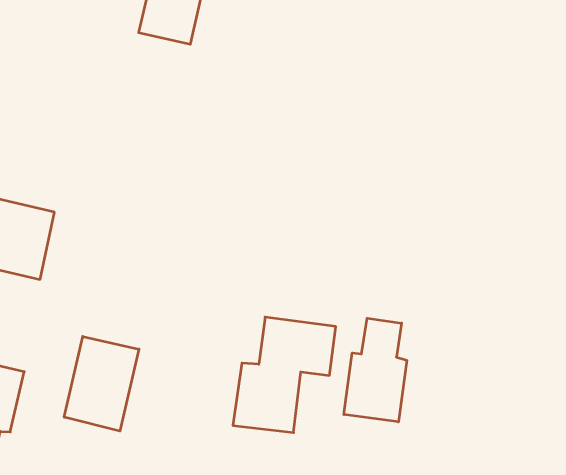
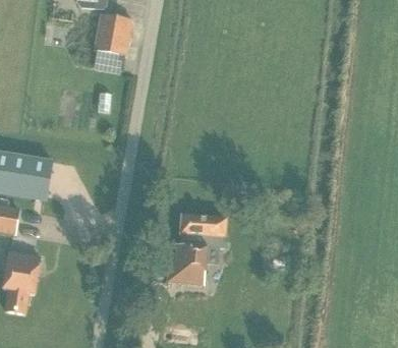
building: [344,318,407,422] -> none
building: [64,336,139,431] -> none

